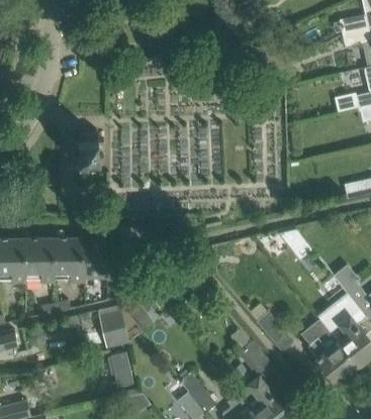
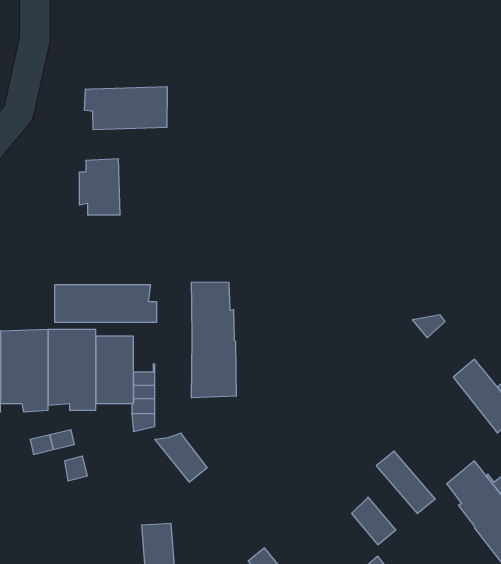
building: none -> [84,87,167,130]
building: none -> [192,282,236,398]
building: none -> [55,285,157,322]
building: [99,305,130,351] -> none

